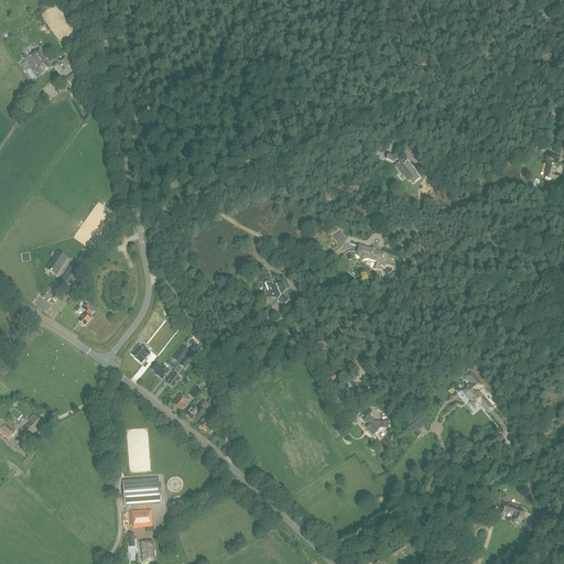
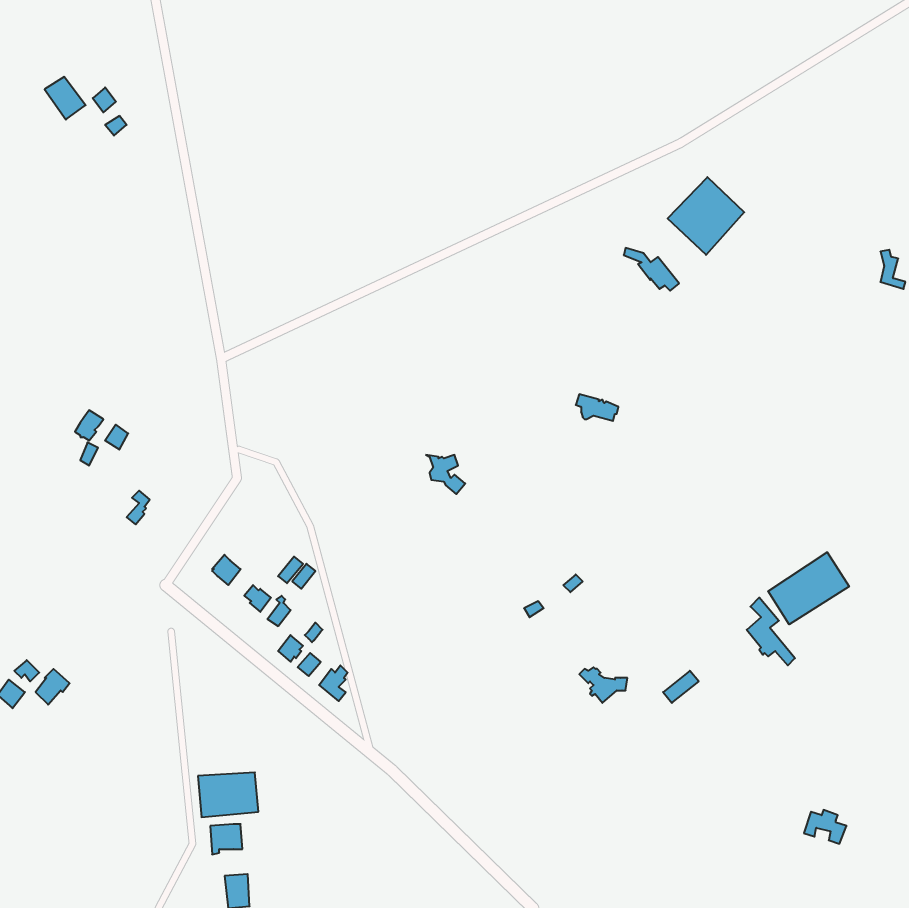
building: none -> [668,177,744,255]
building: none -> [768,552,849,624]

